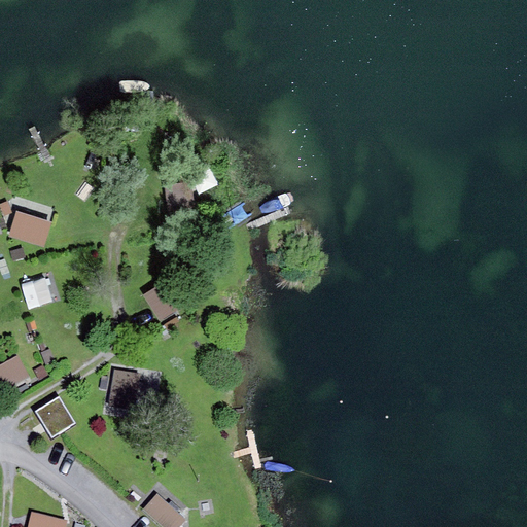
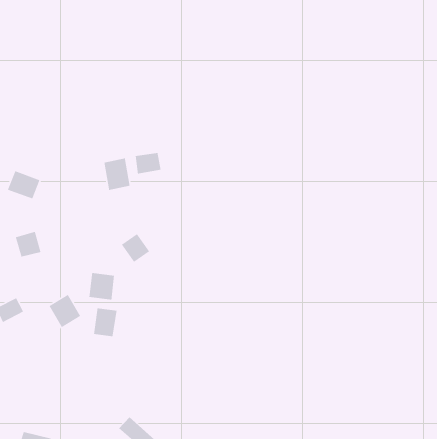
building: none -> [103,158,131,191]
building: none -> [89,272,115,301]
building: [37,395,76,436] -> [48,294,81,328]

